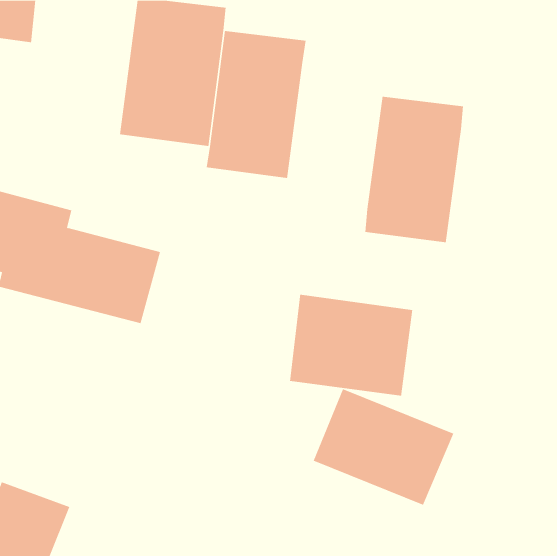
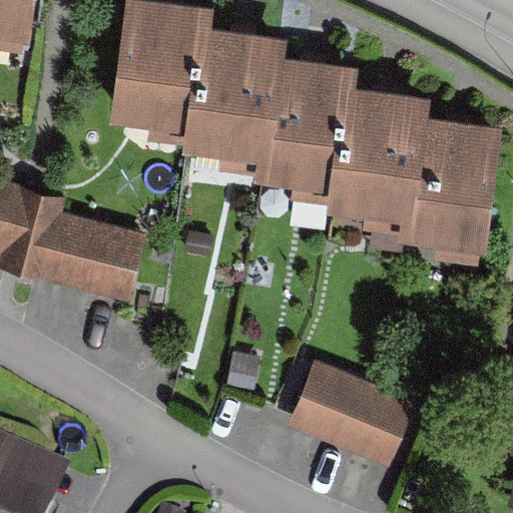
building: none -> [262,60,353,194]
building: none -> [407,121,501,254]
building: [289,294,413,396] -> none

